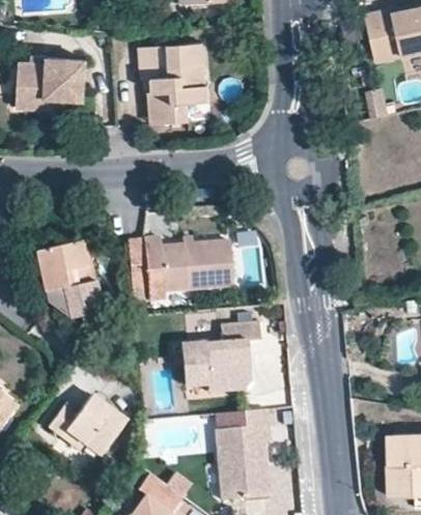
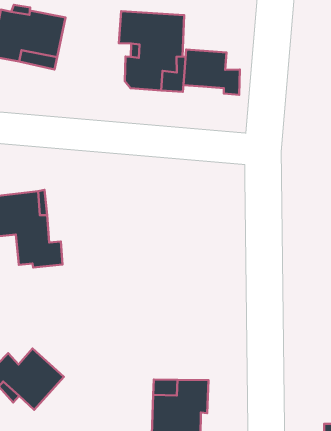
building: none -> [183,50,240,95]
building: [128,236,234,302] -> none
building: [183,323,259,392] -> none

